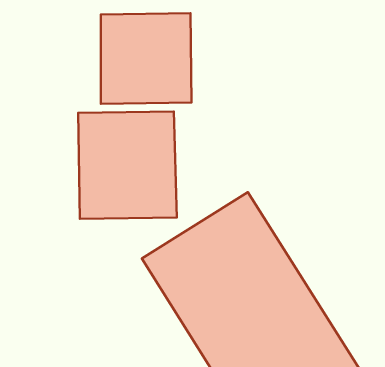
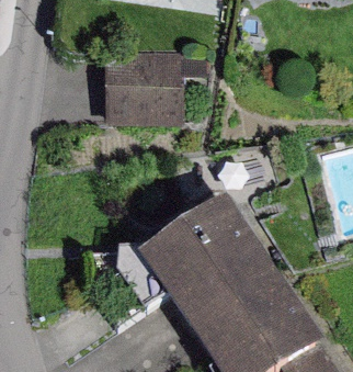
building: [78,111,177,219] -> none

